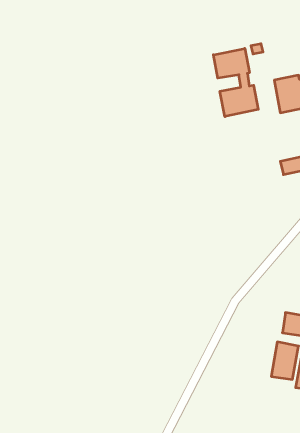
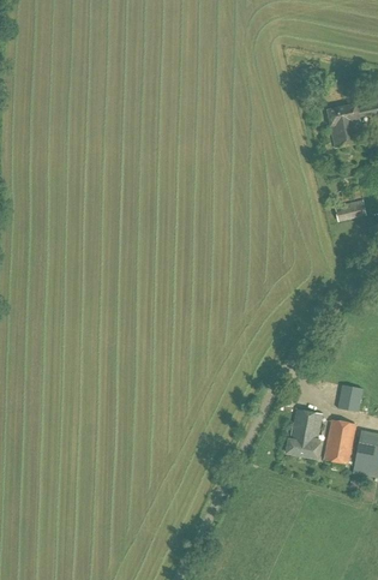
building: [213,48,258,117] -> none
building: none -> [283,407,322,458]

